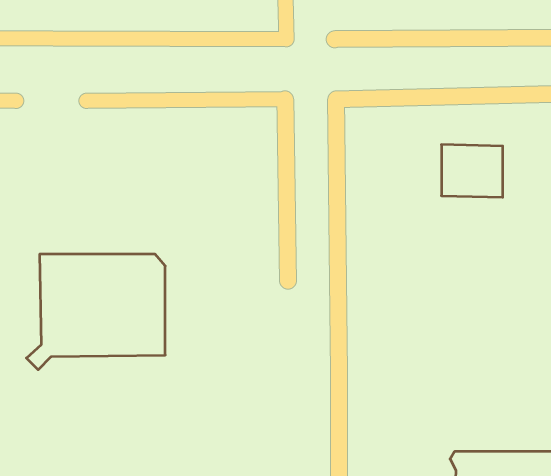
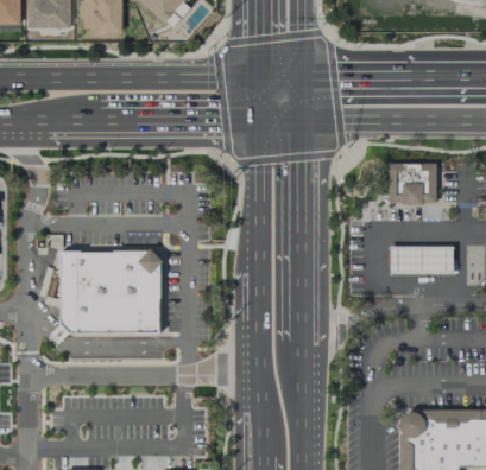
building: none -> [389,244,454,275]

